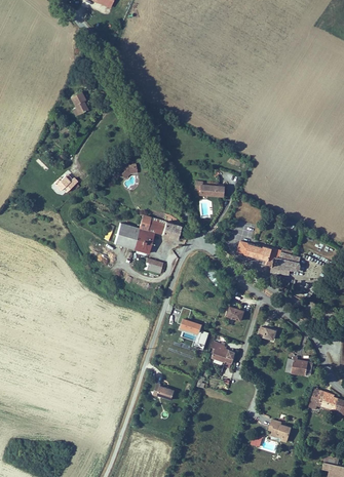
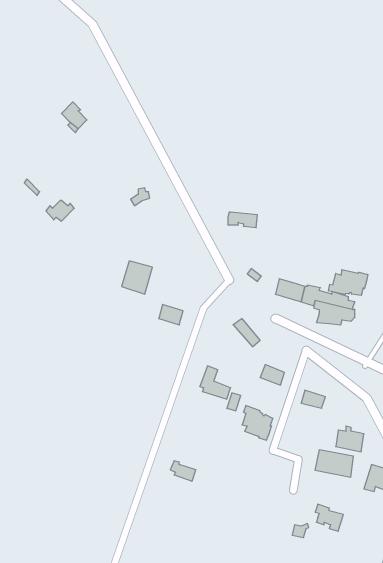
building: [132,215,181,254] -> none
building: none -> [328,270,368,295]
building: none -> [315,450,353,477]

